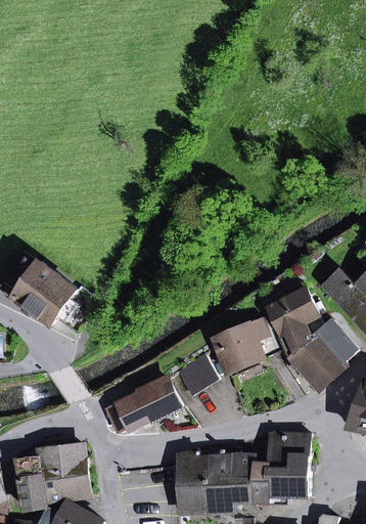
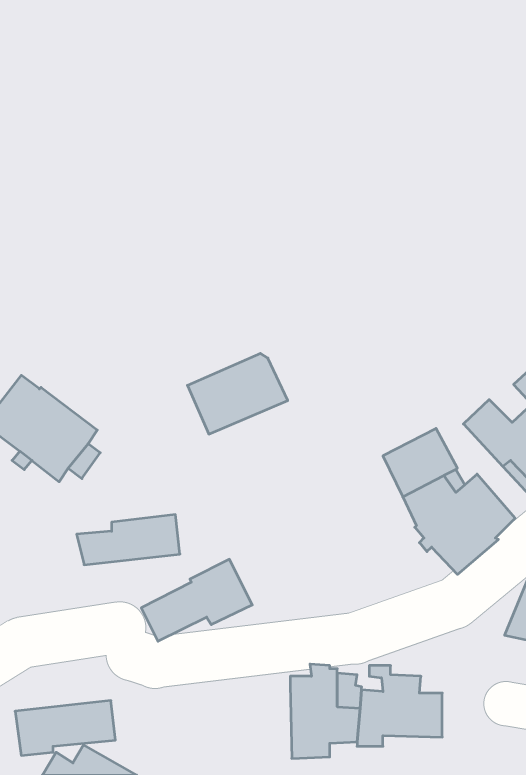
building: [213,317,280,372] -> [187,353,288,434]
building: [176,355,216,395] -> none
building: [259,433,309,467] -> none
building: [15,445,85,479] -> [77,515,180,565]
building: [179,449,207,511] -> none

